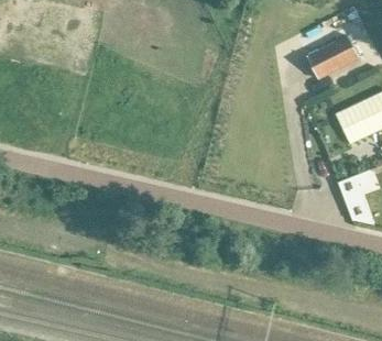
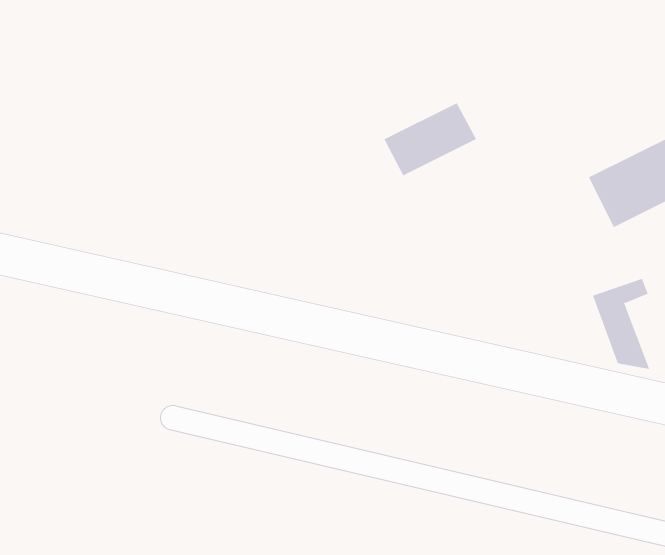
building: [306,35,359,77] -> [384,102,477,176]

